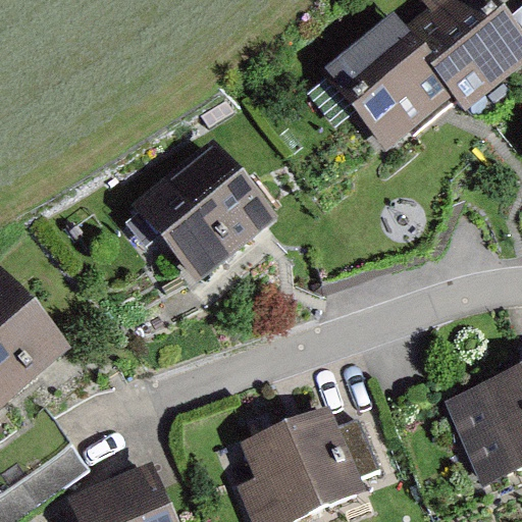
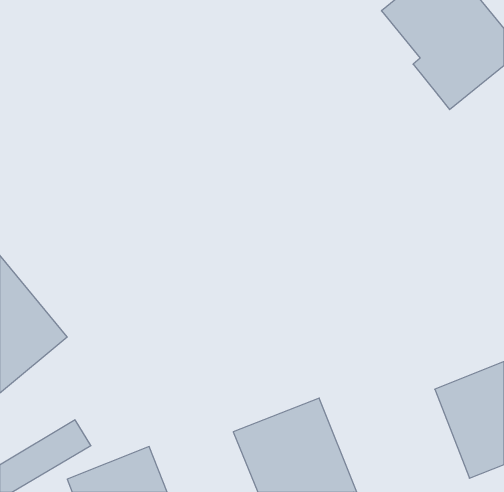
building: [319,8,452,150] -> none
building: [130,139,279,288] -> none

